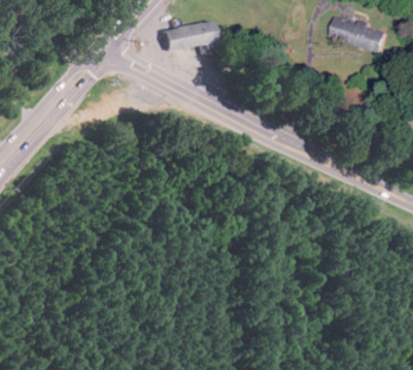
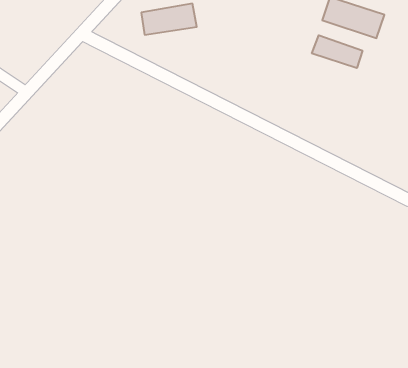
building: none -> [312,35,362,68]

